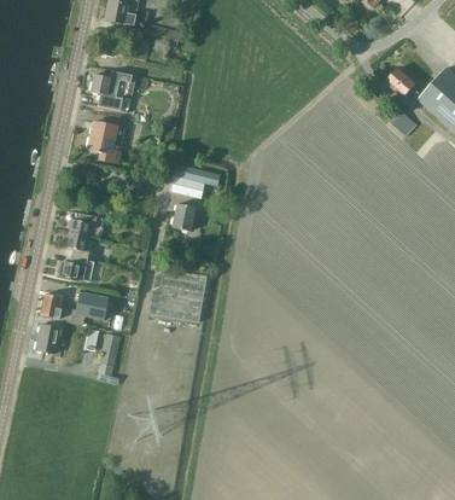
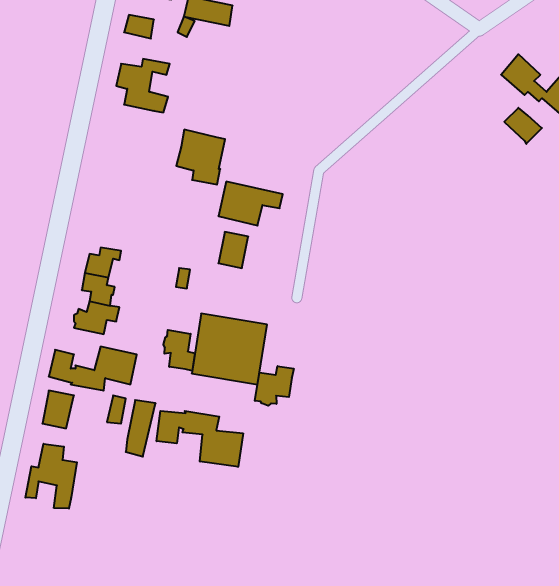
building: [87,121,124,163] -> [176,130,225,185]
building: none -> [163,330,195,371]
building: none -> [255,366,294,406]
building: none -> [157,411,243,467]
building: none -> [25,444,77,509]

